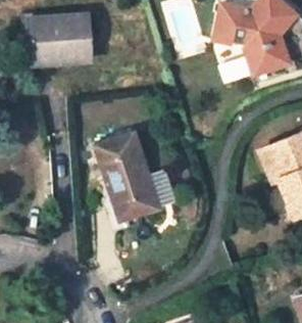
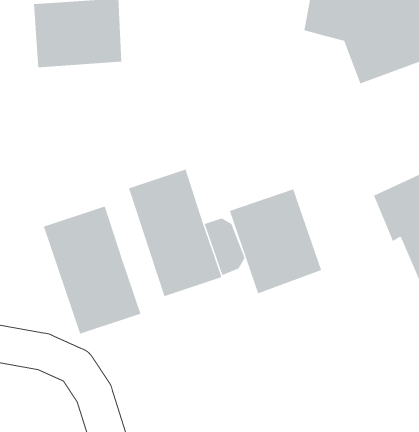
building: none -> [229,188,322,294]
building: none -> [43,206,141,335]

